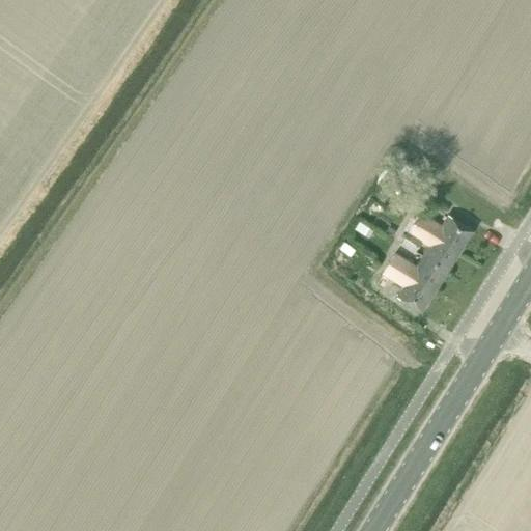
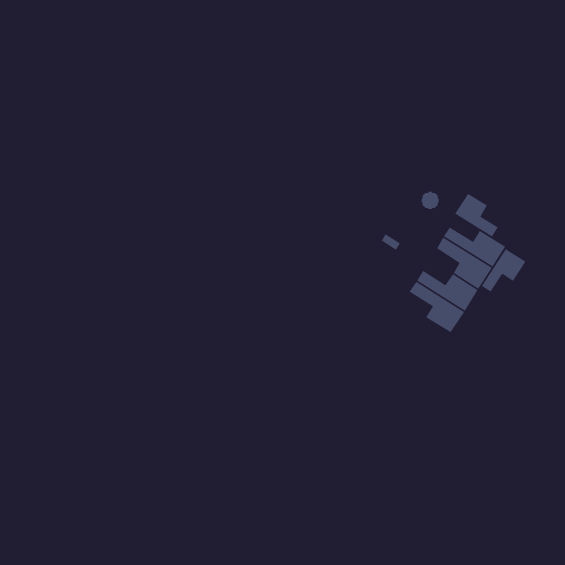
building: none -> [454,193,499,238]
building: none -> [481,248,526,292]

